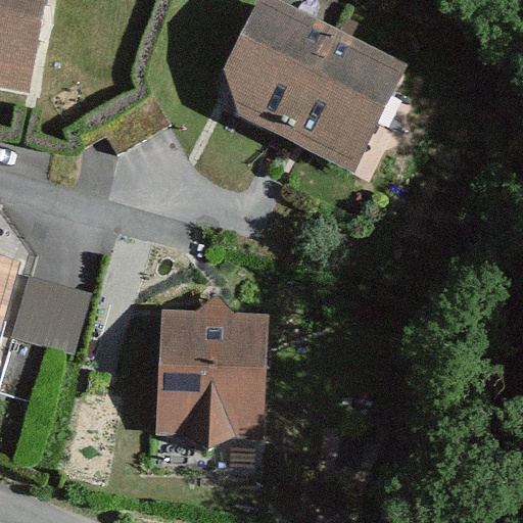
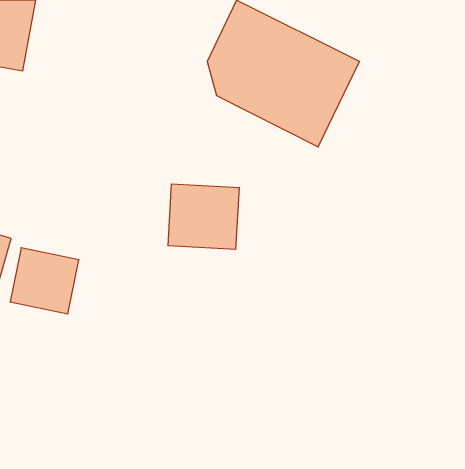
building: none -> [168,184,239,249]
building: [162,318,263,436] -> none

